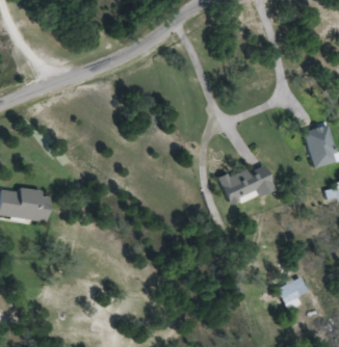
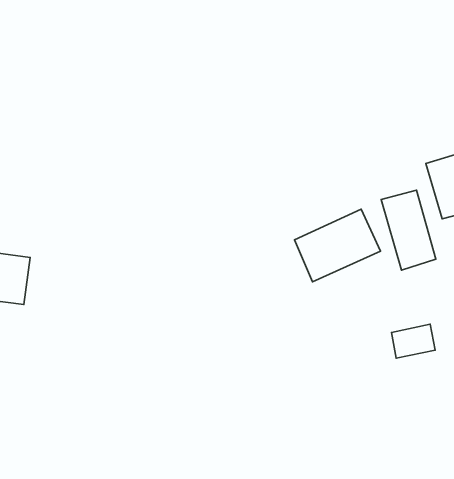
building: none -> [381,190,436,270]
building: [279,281,307,302] -> [391,324,435,358]

